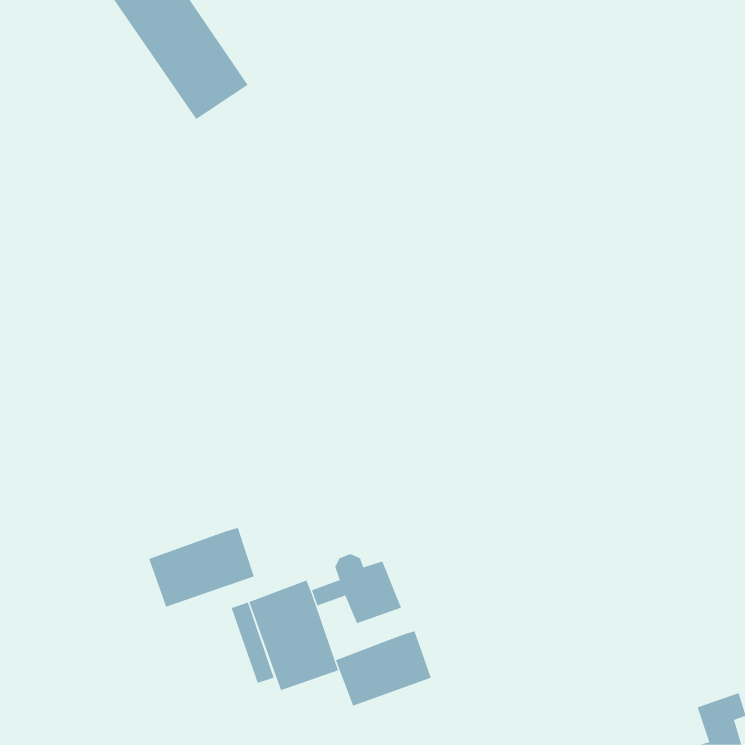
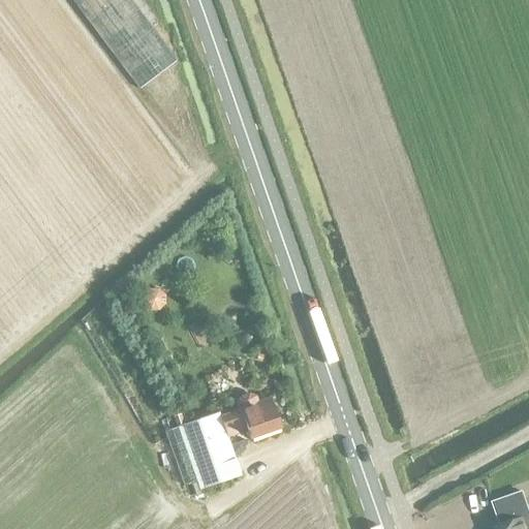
building: [148,527,254,607] -> none
building: [335,630,431,707] -> none

